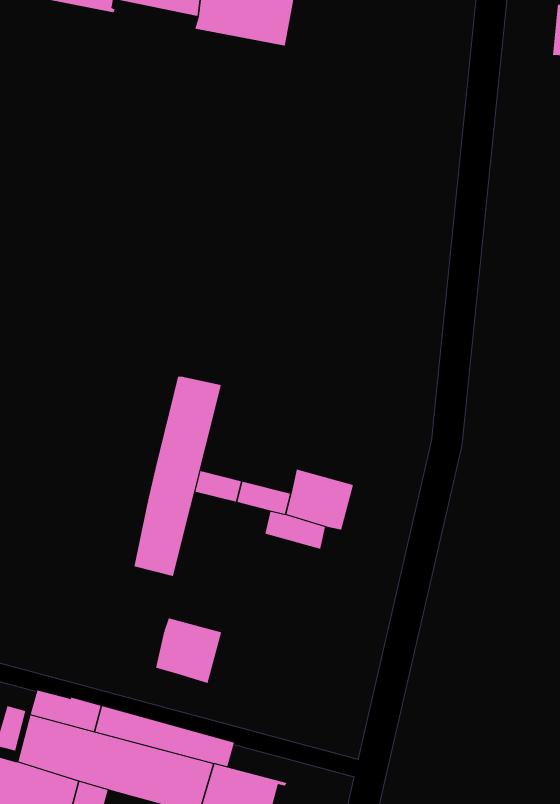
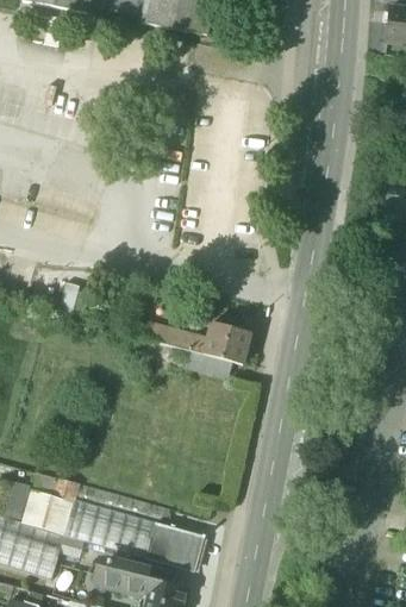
building: [134,376,221,577] -> none
building: [156,618,222,684] -> none

